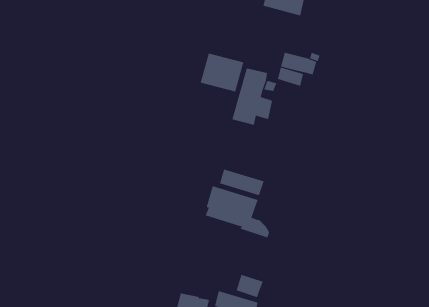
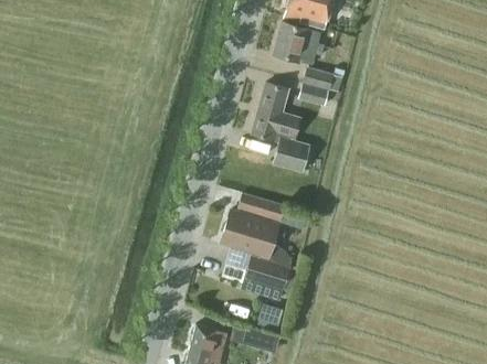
building: [200,53,244,92] -> [274,22,321,64]
building: none -> [272,137,310,172]
building: none -> [240,254,289,300]

